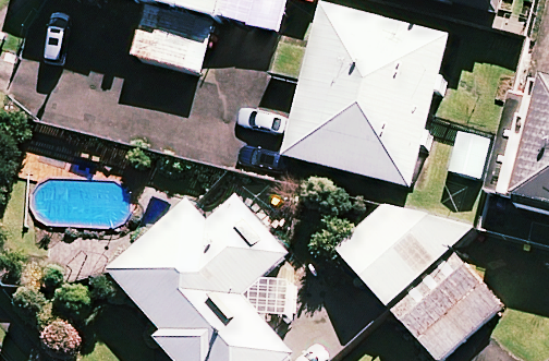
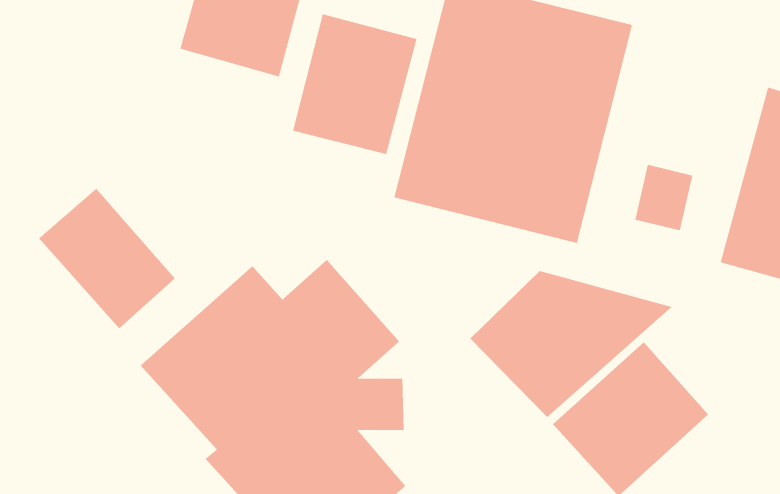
building: none -> [293,14,417,155]
building: none -> [38,188,176,329]

